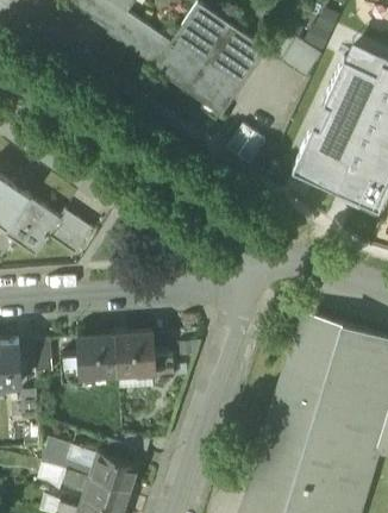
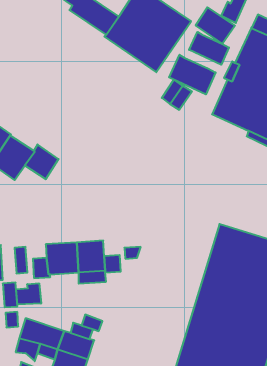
building: none -> [189,32,229,65]
building: none -> [169,55,216,94]
building: none -> [16,283,41,304]

